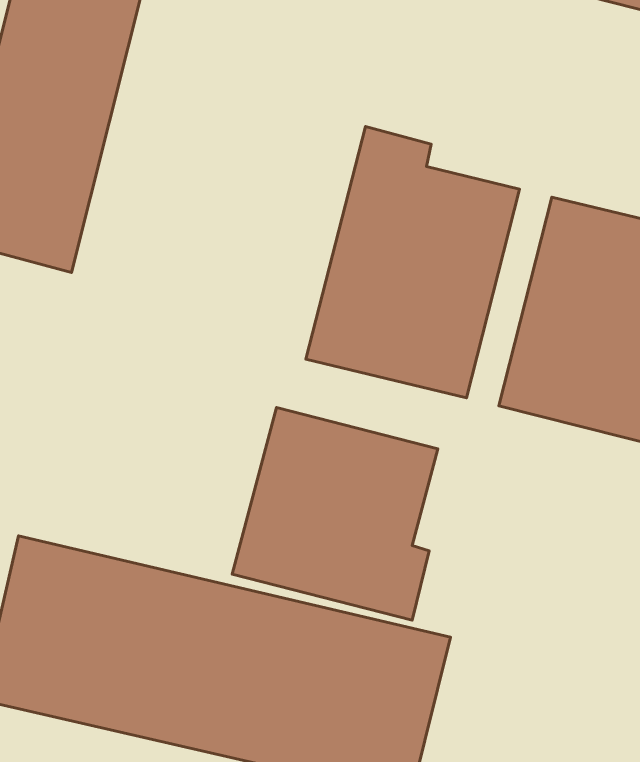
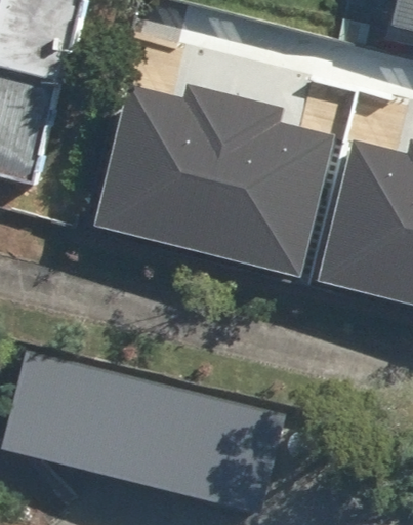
building: none -> [92,84,236,244]
building: [232,408,438,620] -> none

